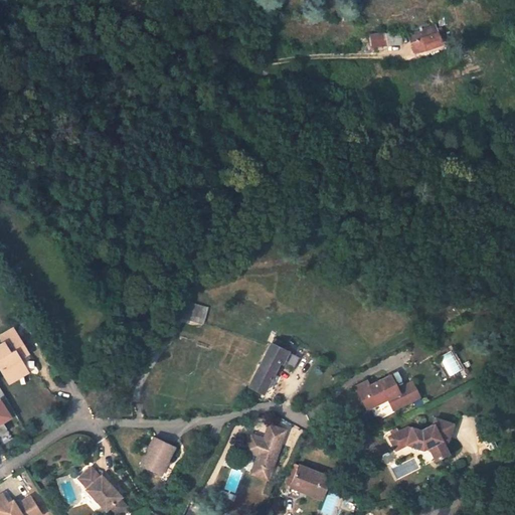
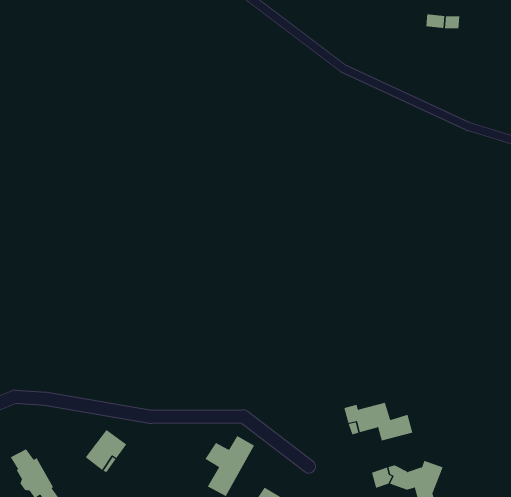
building: [408,27,441,54] -> none
building: [176,302,206,325] -> none
building: [248,340,297,393] -> none

